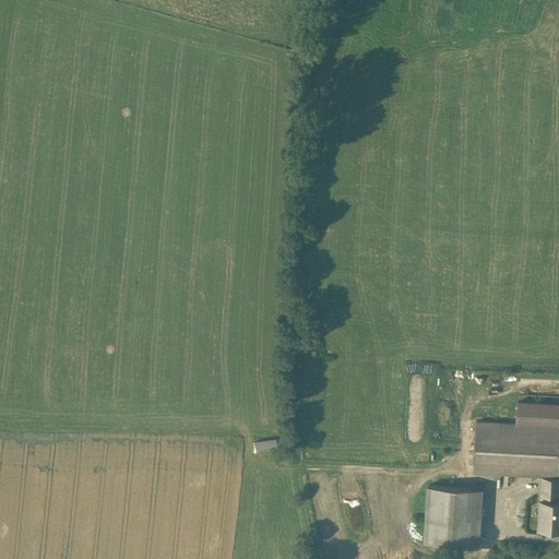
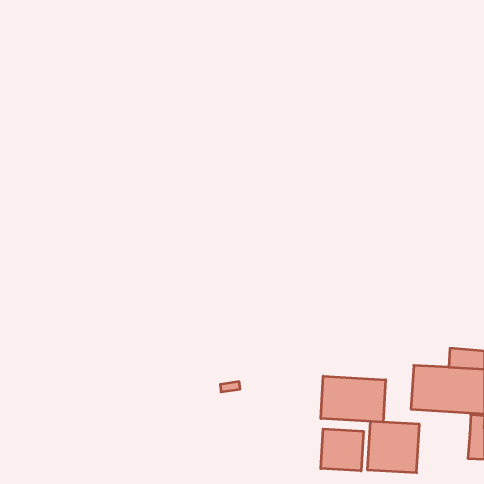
building: none -> [321,376,386,422]
building: none -> [321,429,363,471]

